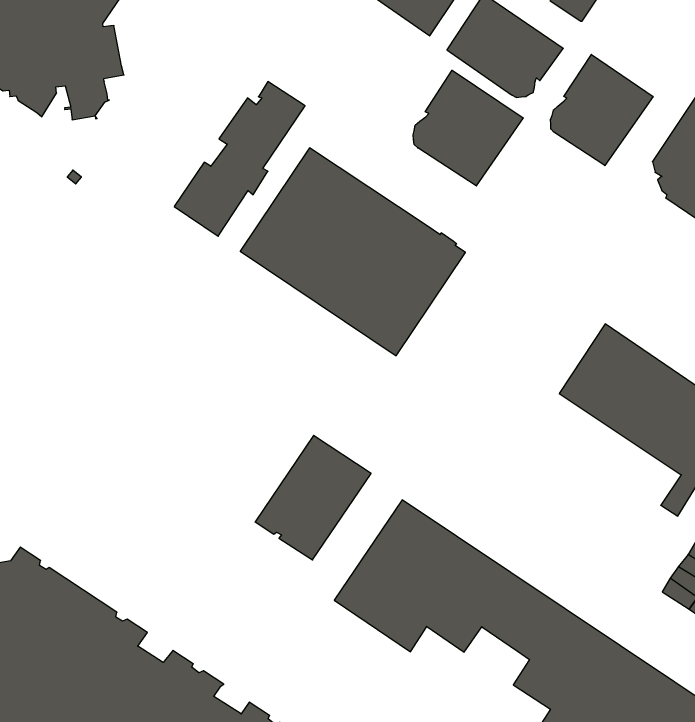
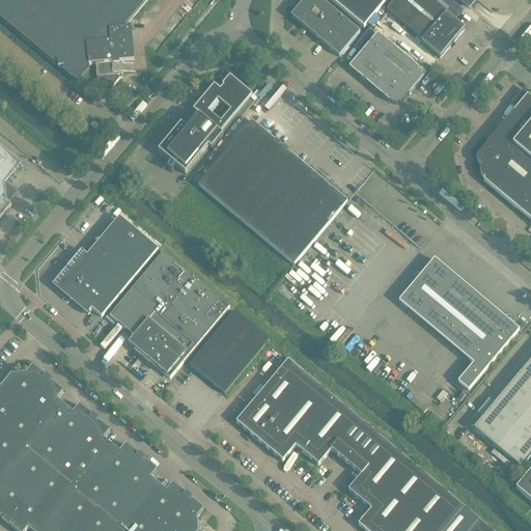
building: [551,54,653,166] -> none
building: [413,70,523,186] -> none
building: none -> [53,214,159,314]
building: none -> [110,249,229,373]

